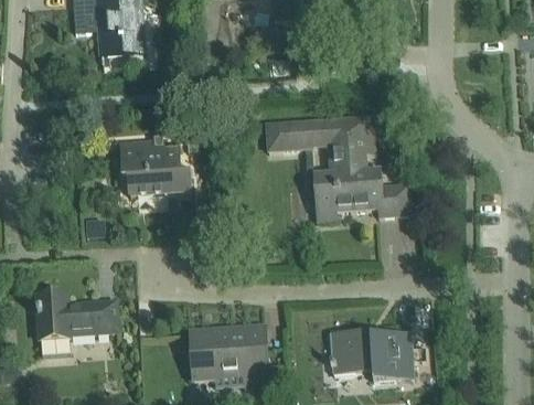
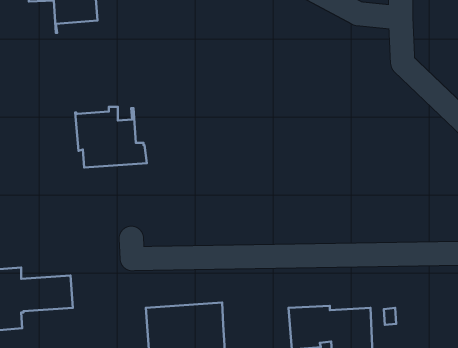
building: [265,116,410,219] -> none

